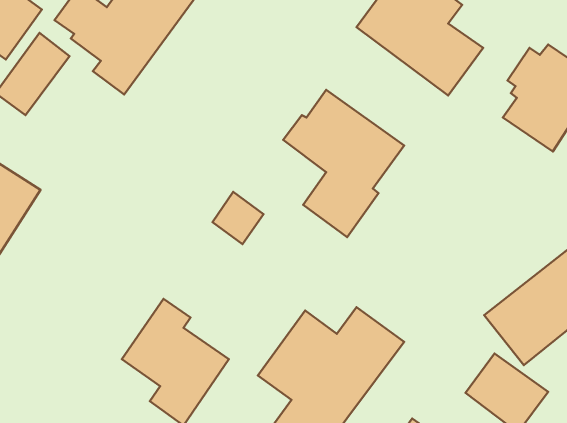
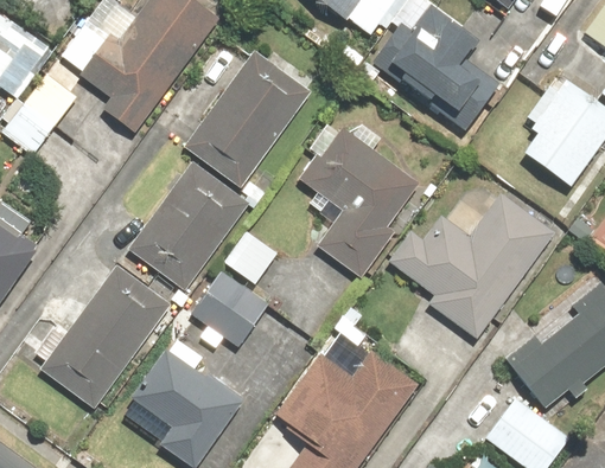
building: none -> [185,49,310,188]
building: none -> [129,160,250,289]
building: none -> [388,193,555,340]
building: none -> [42,264,173,408]
building: none -> [196,273,268,345]

